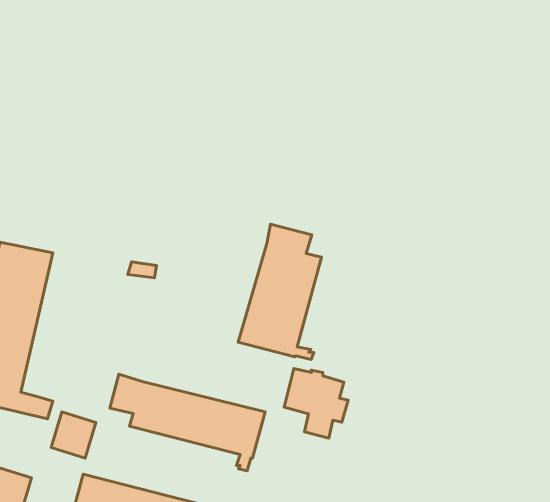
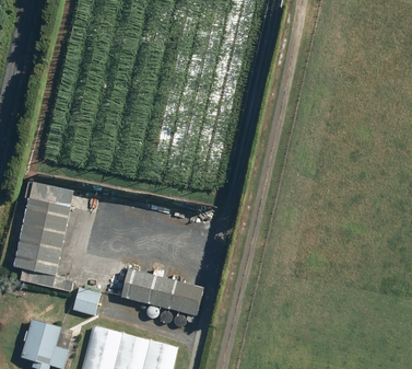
building: [238,224,322,360] -> none
building: [284,368,348,438] -> none

